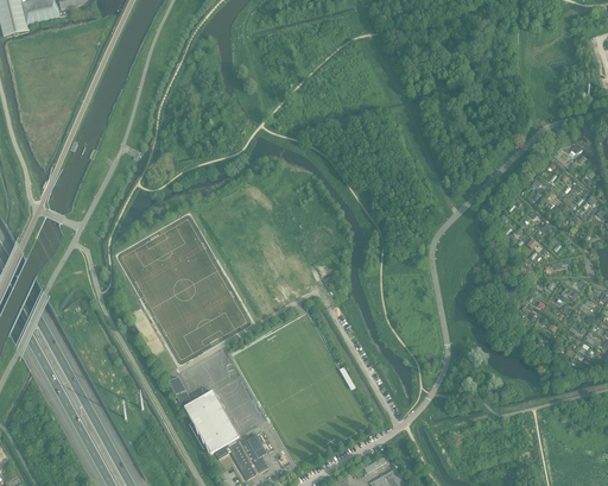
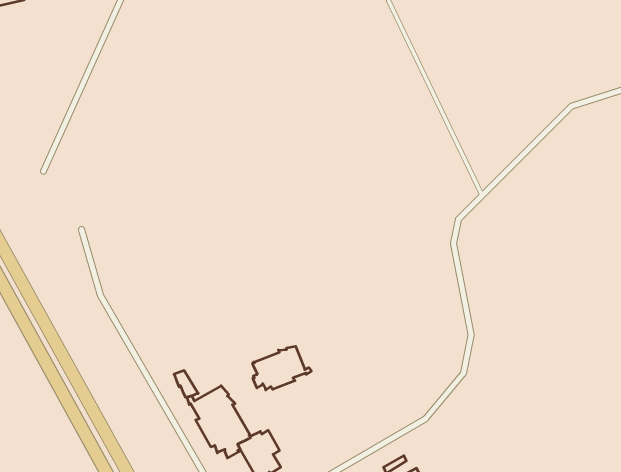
building: none -> [253,346,311,390]

